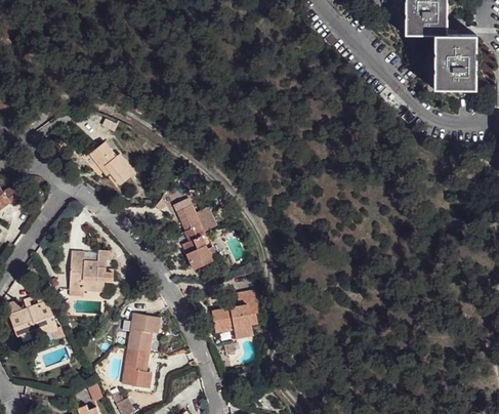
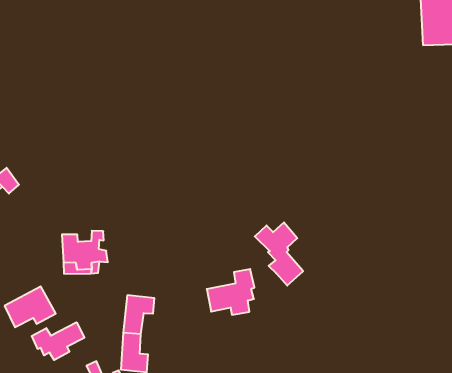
building: [91,138,138,184] -> none
building: [162,203,208,265] -> [255,222,303,286]
building: none -> [32,322,84,360]

